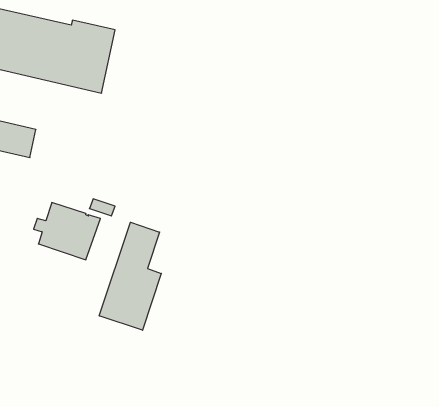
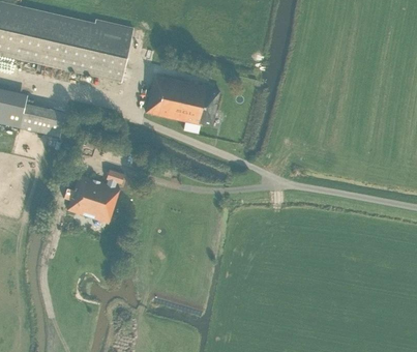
building: none -> [146,76,219,126]
building: [99,222,161,330] -> none

